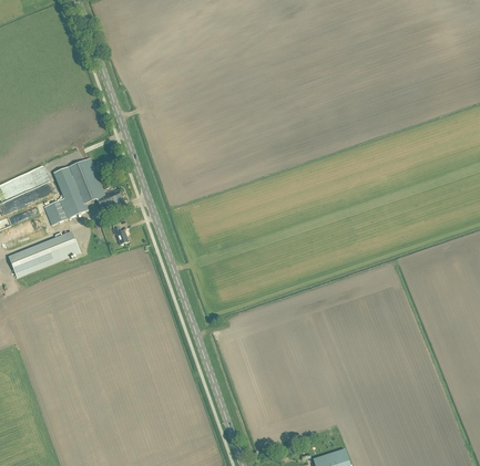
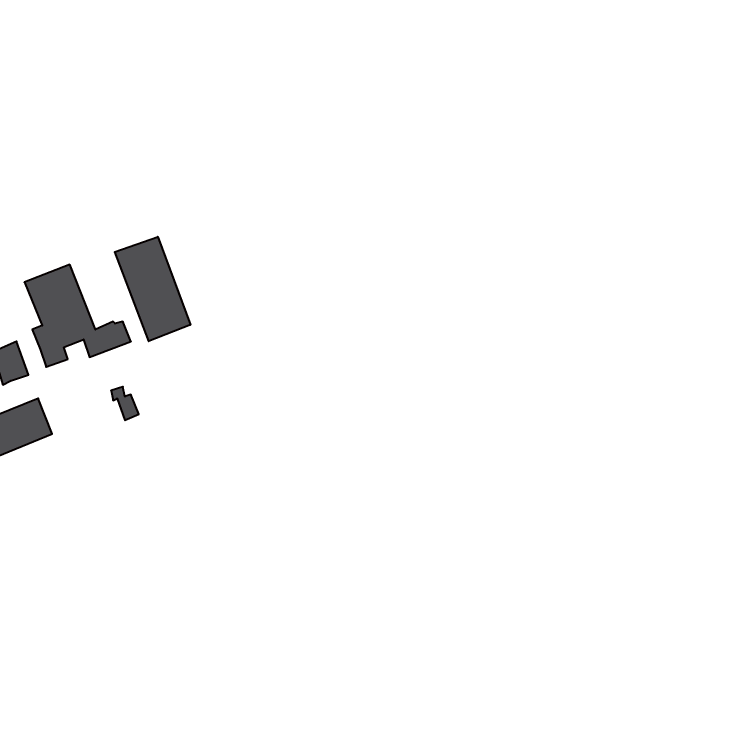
building: none -> [115,237,190,341]

